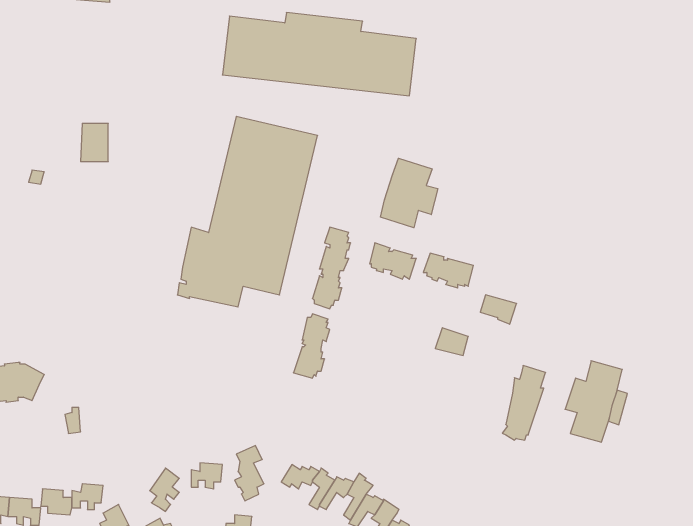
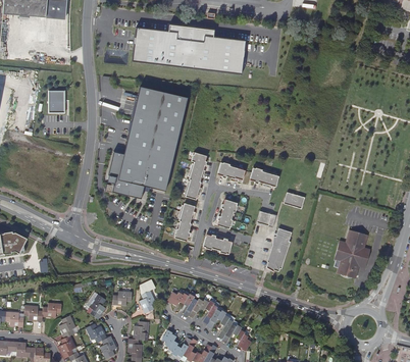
building: [380,158,438,228] -> none
building: none -> [218,199,239,228]
building: [502,366,546,440] -> [266,227,292,271]
building: none -> [203,234,233,254]

